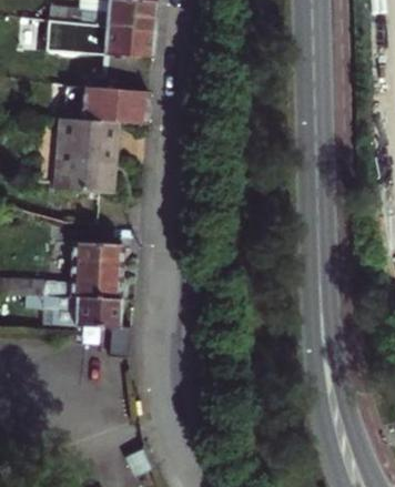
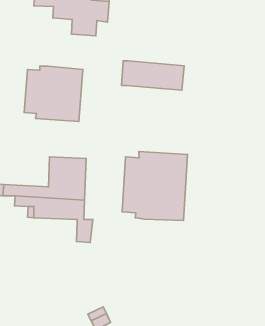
building: [64,84,150,124] -> [122,61,184,90]
building: none -> [122,152,187,221]

